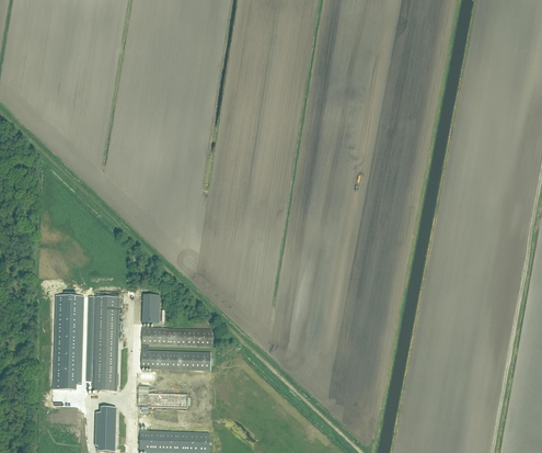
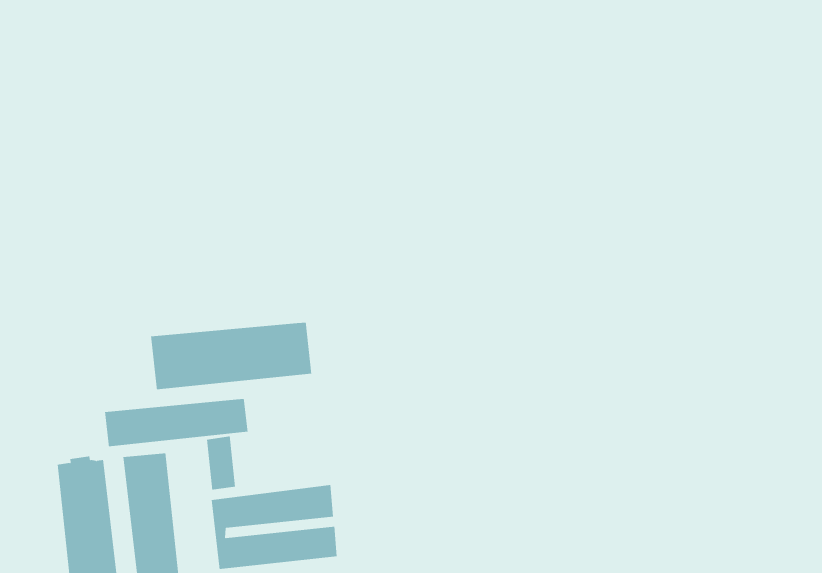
building: none -> [151,322,312,390]
building: none -> [104,398,248,447]

